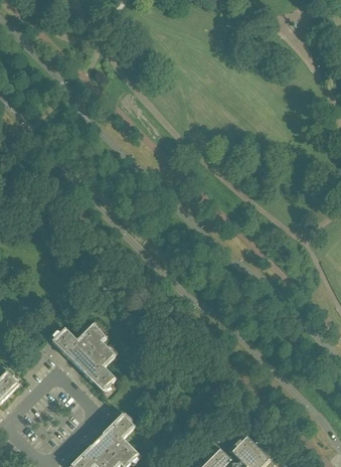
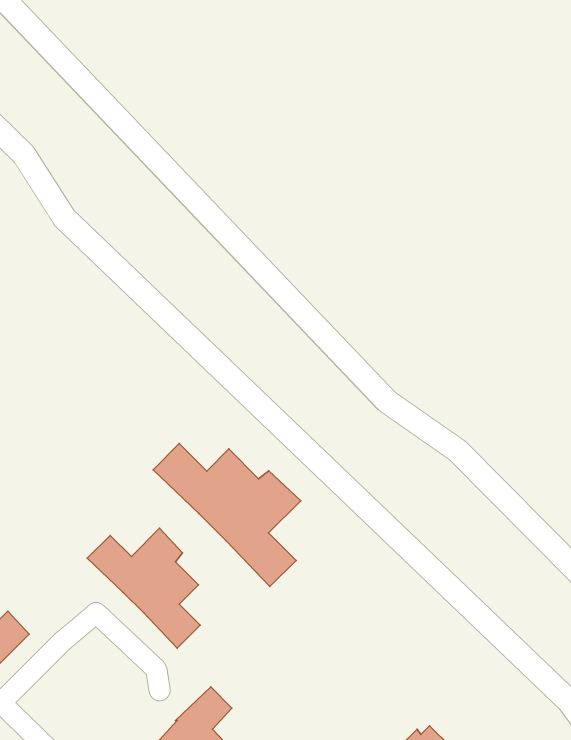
building: none -> [153,444,301,587]

